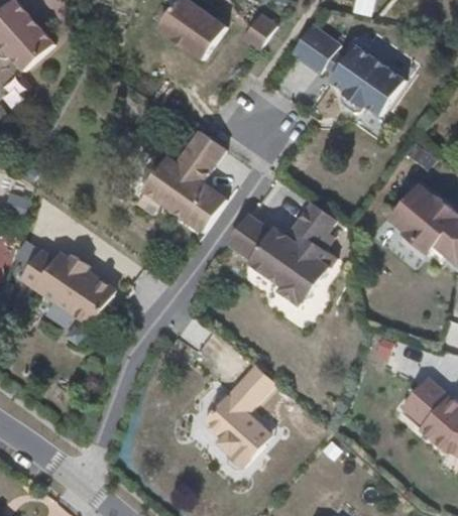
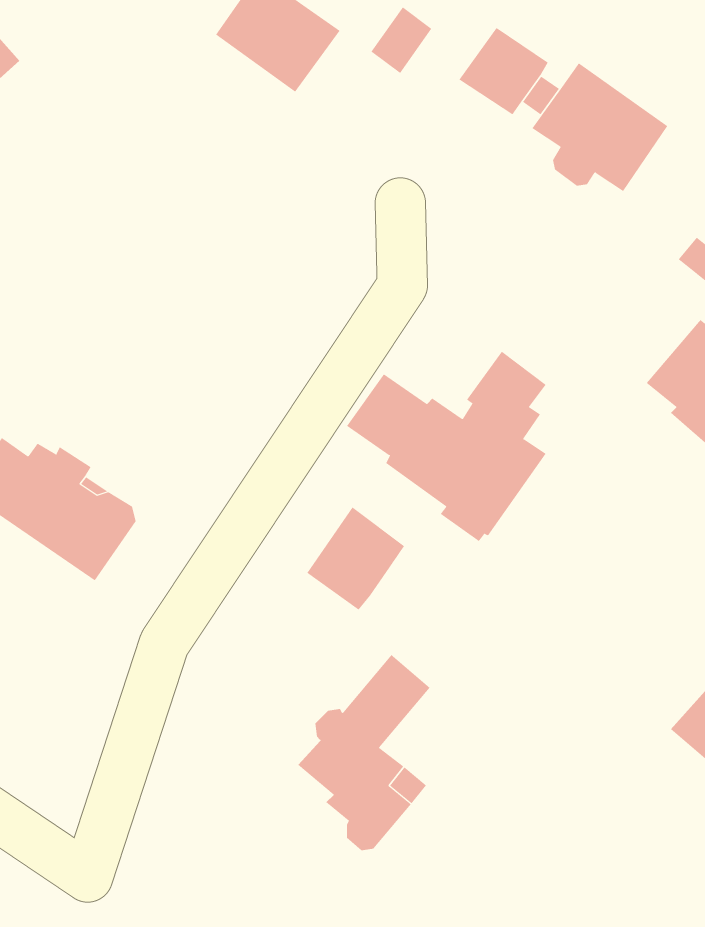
building: [144,130,227,232] -> none
building: none -> [307,507,405,611]

